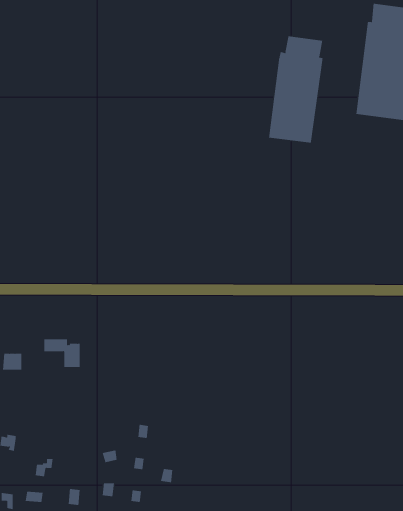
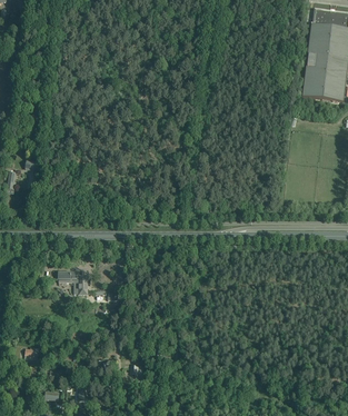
building: [268,36,323,144] -> none

